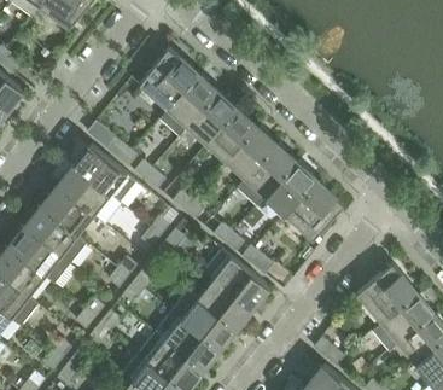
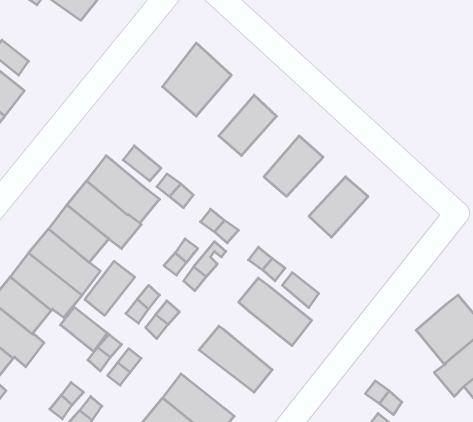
building: [161,76,218,136] -> none
building: [208,111,257,163] -> none
building: [239,146,297,206] -> none
building: [285,180,344,240] -> none
building: none -> [85,261,135,315]
building: none -> [60,307,107,351]
building: [193,279,251,328] -> none
building: [156,312,218,368] -> none

